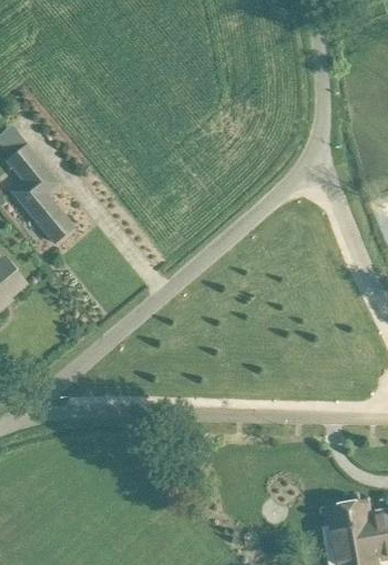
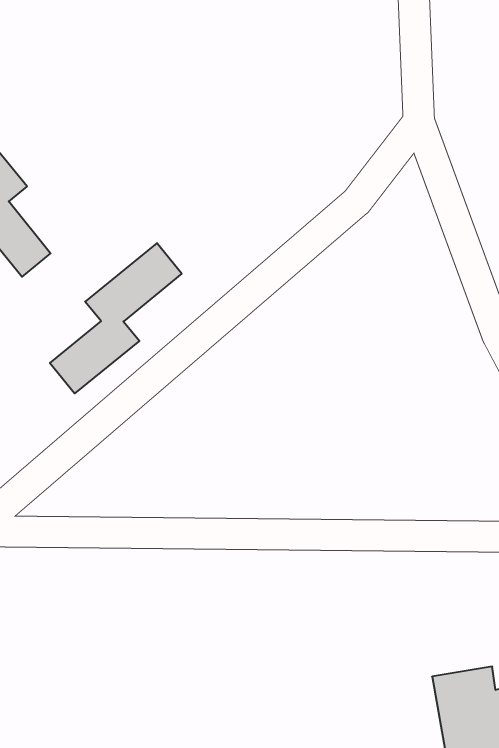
building: none -> [50,243,182,393]

